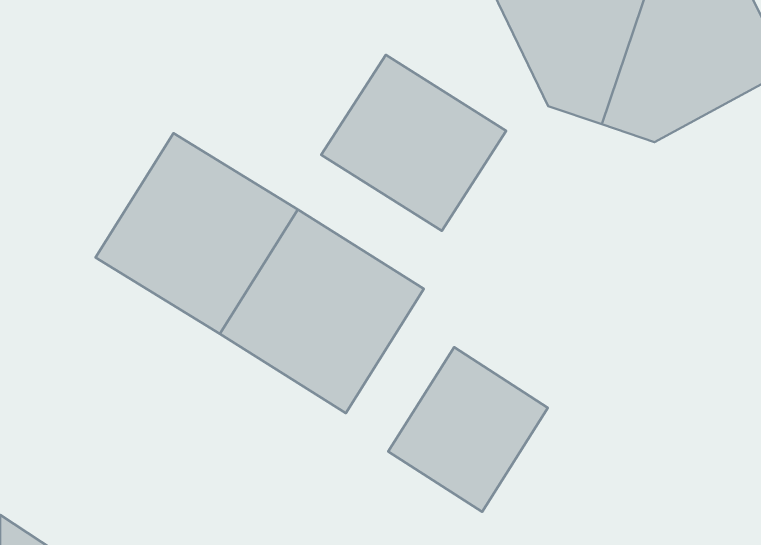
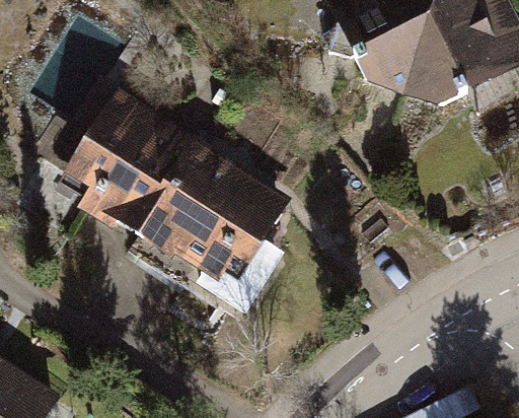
building: [321,55,506,231] -> none
building: [388,347,548,512] -> none

